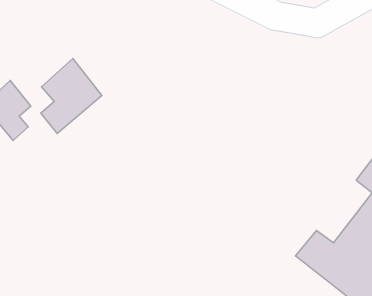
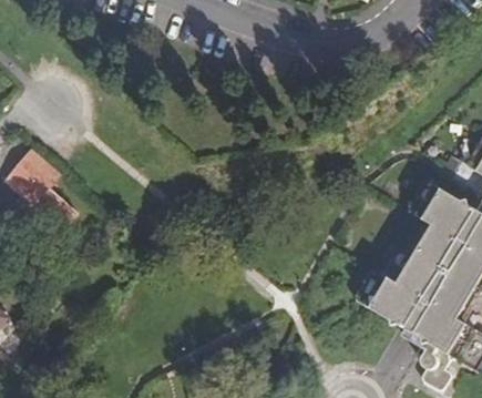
building: [41,59,102,133] -> none

